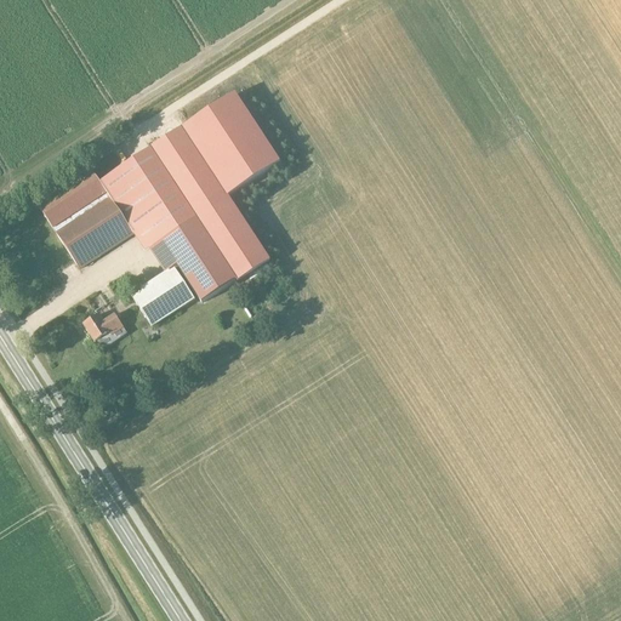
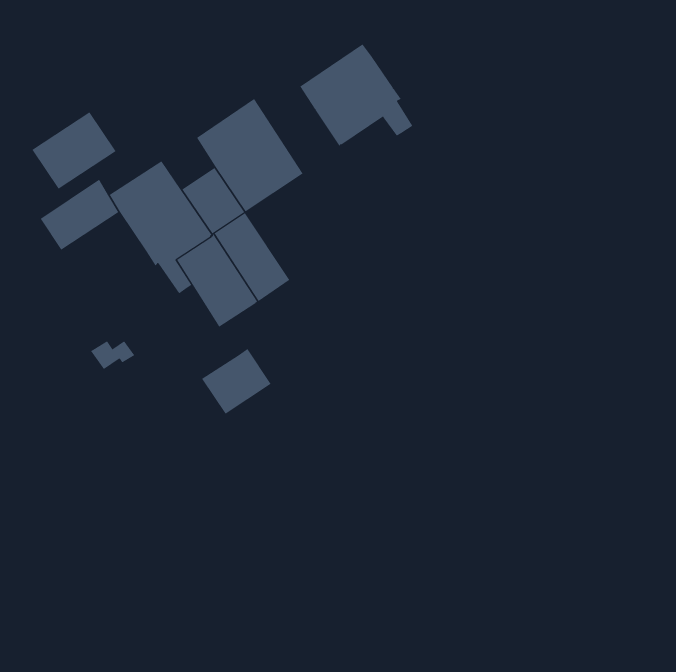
building: none -> [300,44,413,146]
building: [149,126,198,173] -> none
building: [57,194,135,266] -> [32,111,116,190]
building: [131,263,195,324] -> [201,348,272,414]

